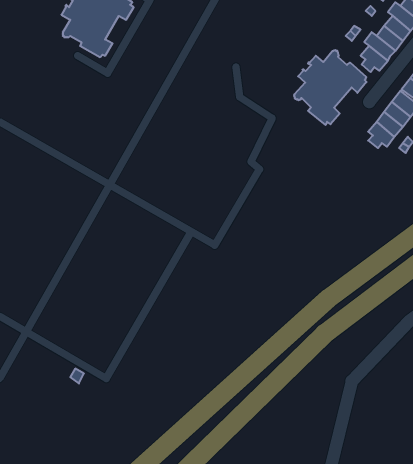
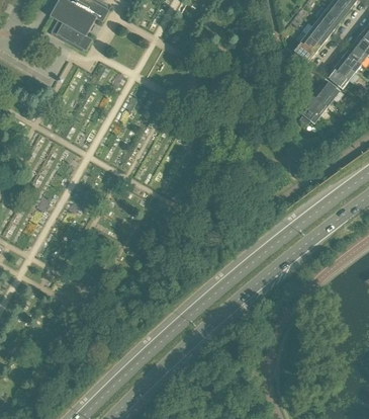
building: [294,50,367,125] -> none

